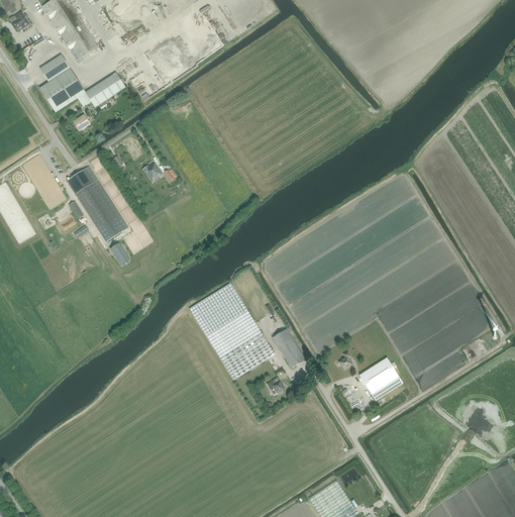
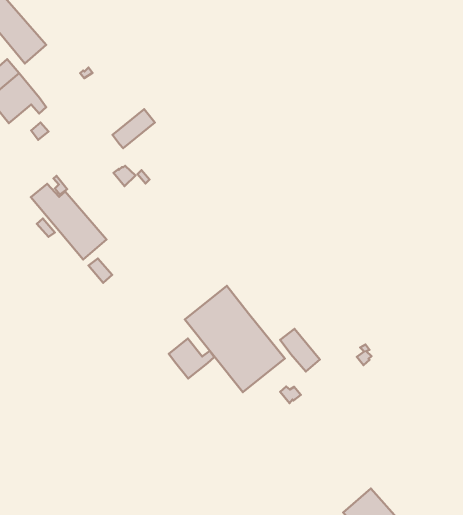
building: [85,73,124,105] -> [113,109,155,148]
building: none -> [169,338,214,378]
building: [358,356,402,399] -> none

